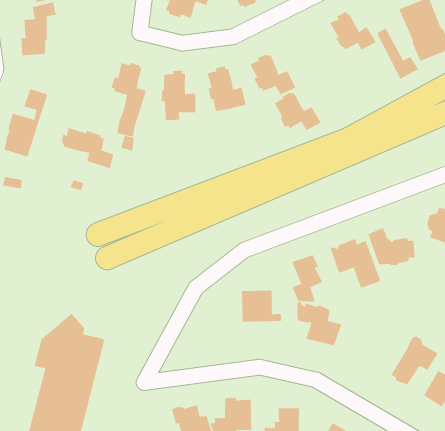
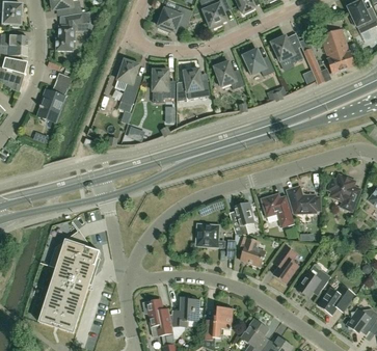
building: [274,92,322,131] -> [243,48,275,76]
building: [61,127,114,169] -> none
building: none -> [273,245,298,282]

